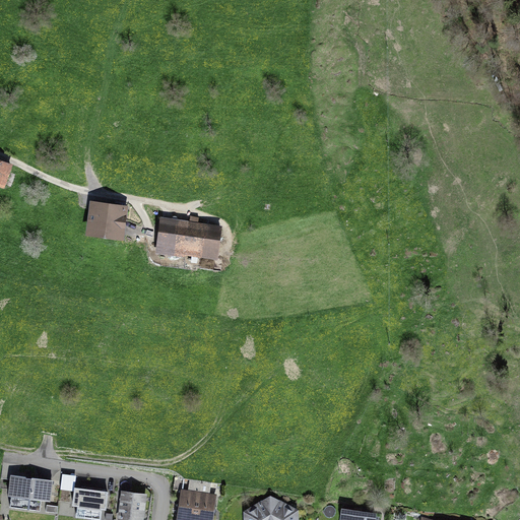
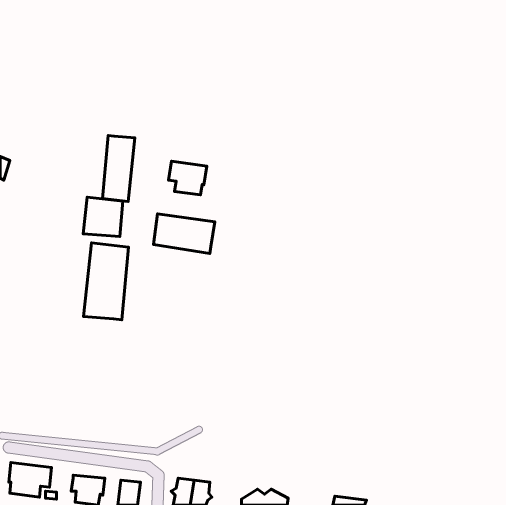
building: none -> [102,136,135,202]
building: none -> [169,161,207,195]
building: none -> [83,243,128,320]

